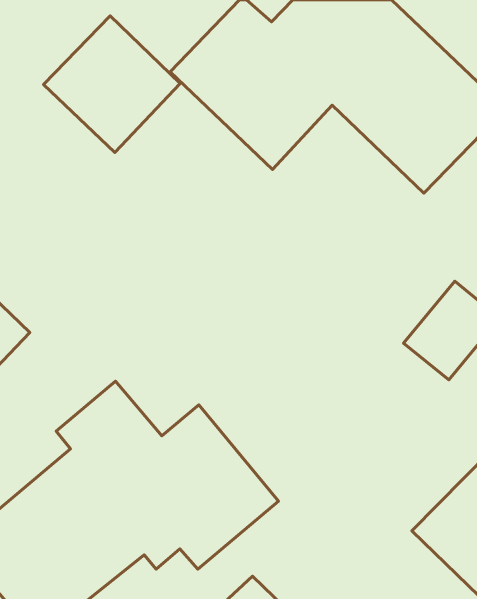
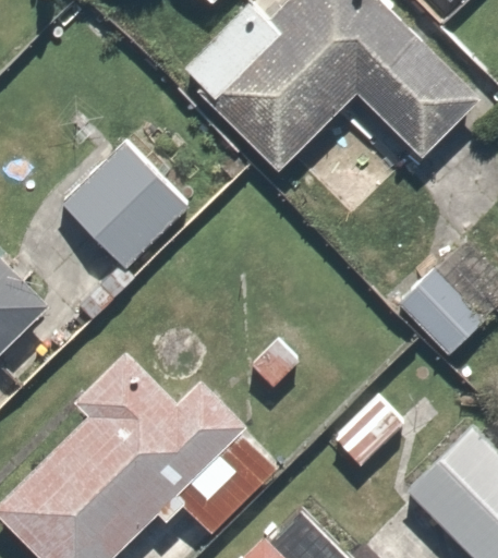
building: [43,16,180,152] -> [60,145,185,270]

